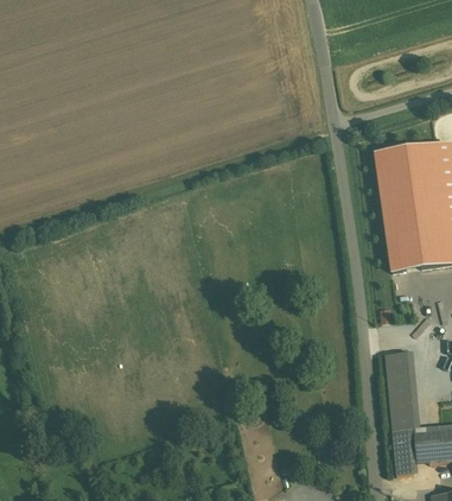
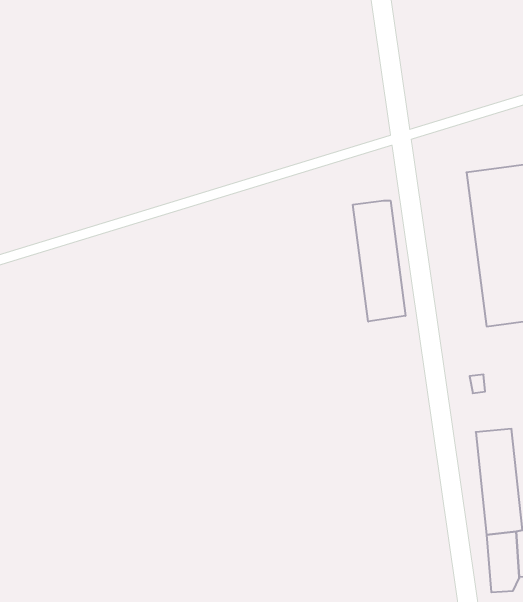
building: none -> [353,201,405,322]

